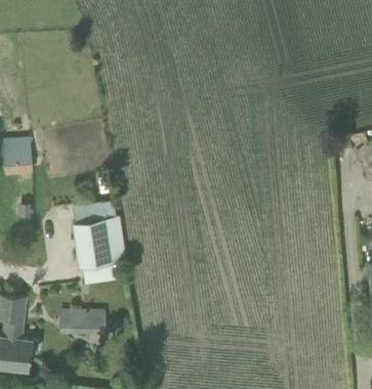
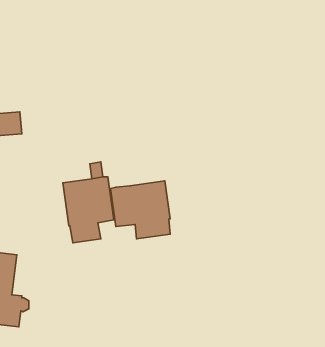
building: none -> [110,181,170,239]
building: [74,307,105,331] -> none

